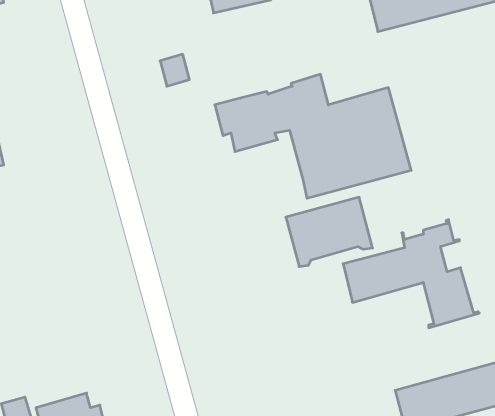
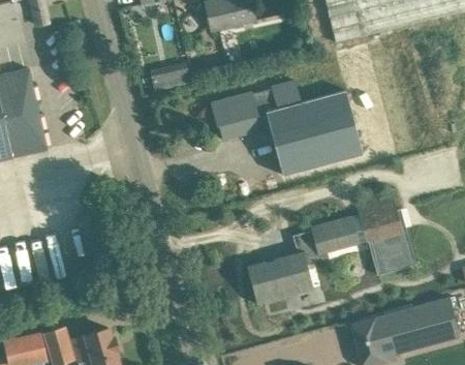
building: [286,197,373,267] -> [247,252,314,306]

